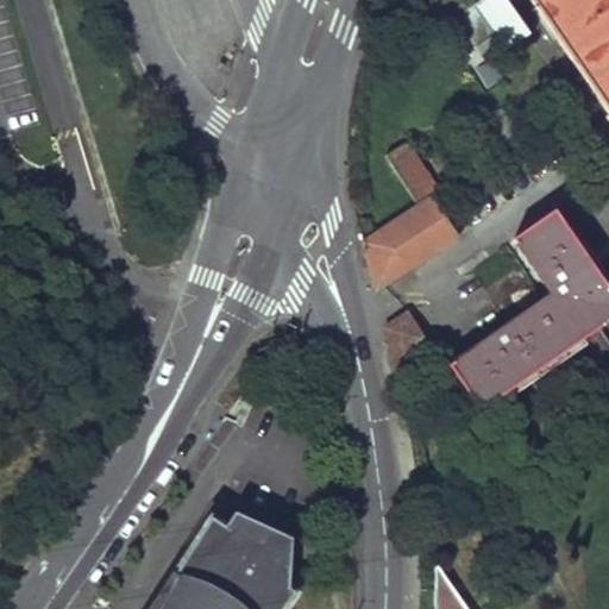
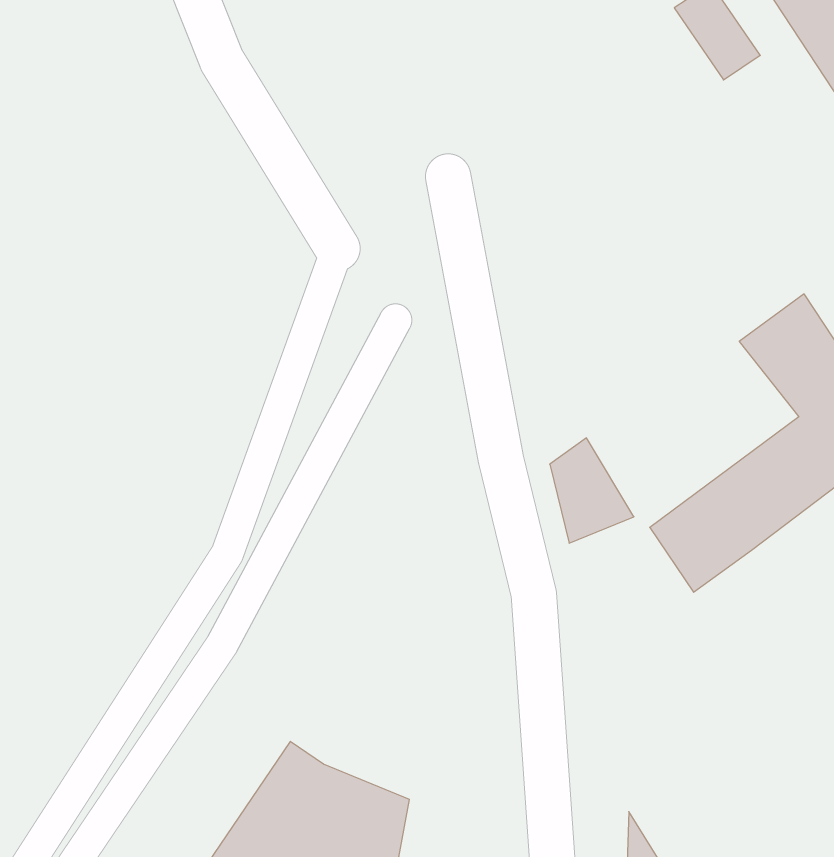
building: [364,136,465,289] -> none

